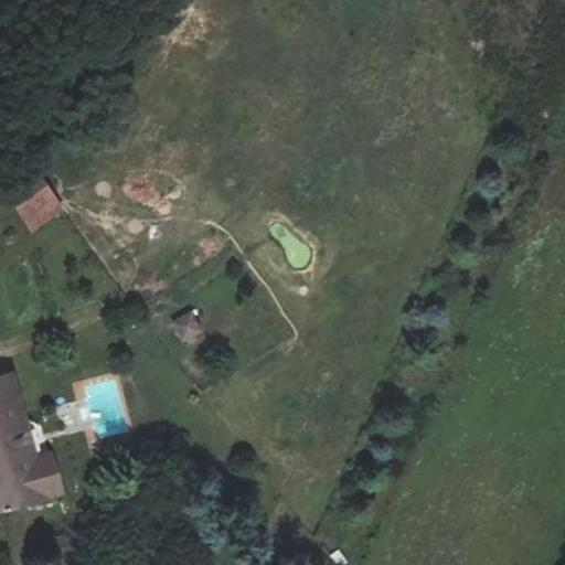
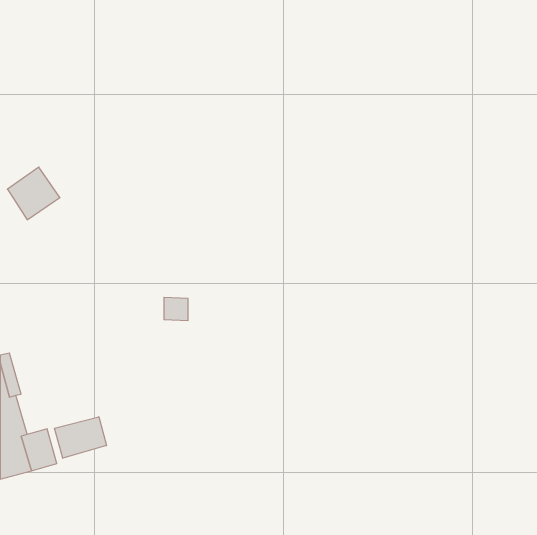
building: none -> [54,417,106,458]

